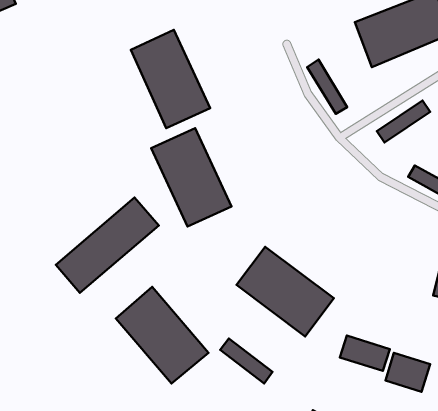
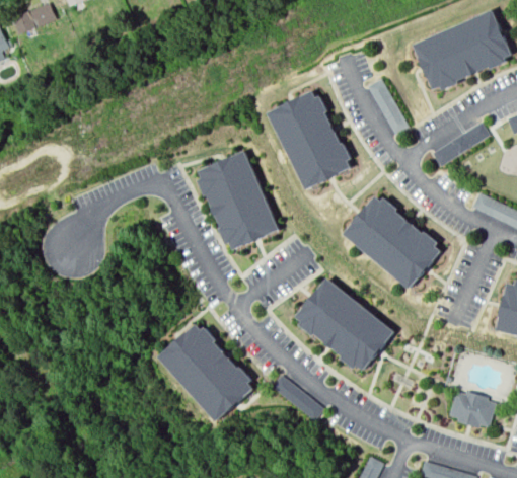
building: [131,30,210,128] -> [267,87,351,191]
building: none -> [341,193,443,293]
building: [56,197,159,293] -> none
building: [340,336,390,371] -> none

